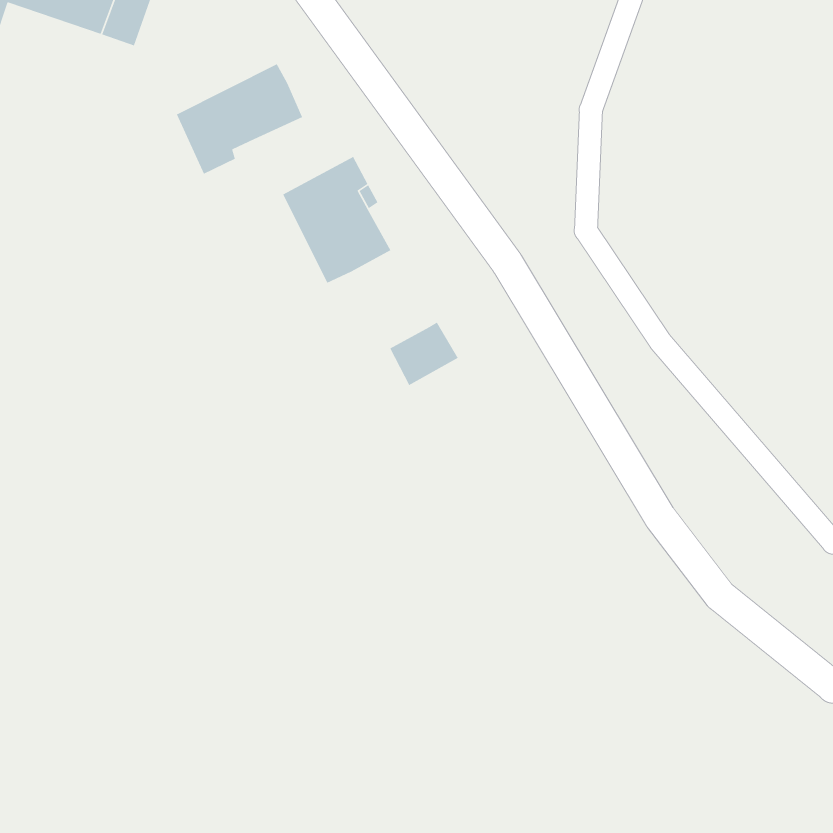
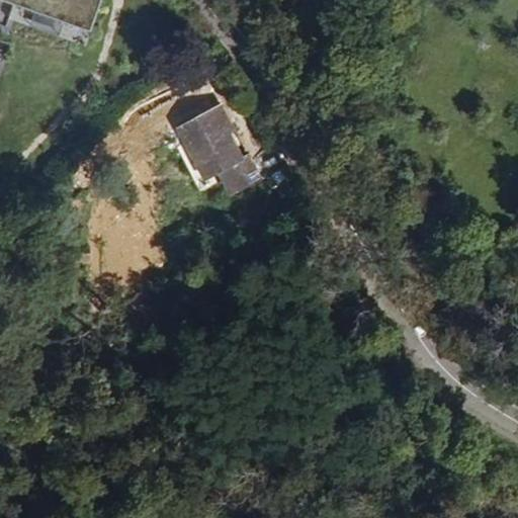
building: [176,63,303,175] -> none
building: [389,322,459,386] -> [214,150,257,189]

